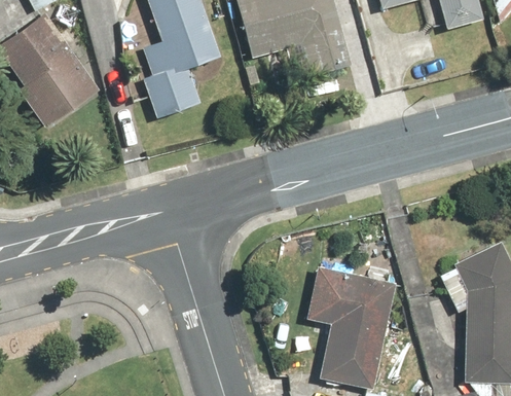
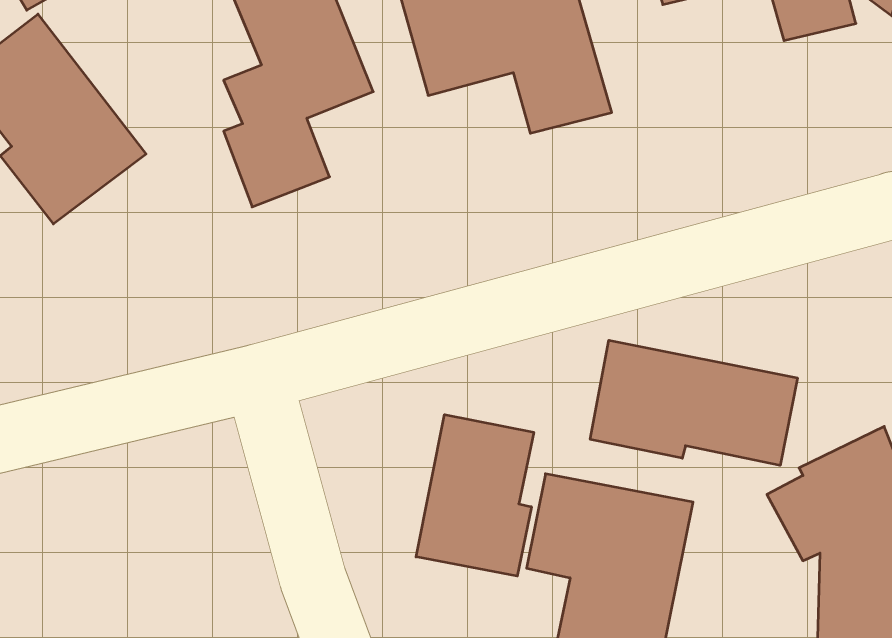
building: none -> [590,340,797,465]
building: none -> [416,415,534,576]

